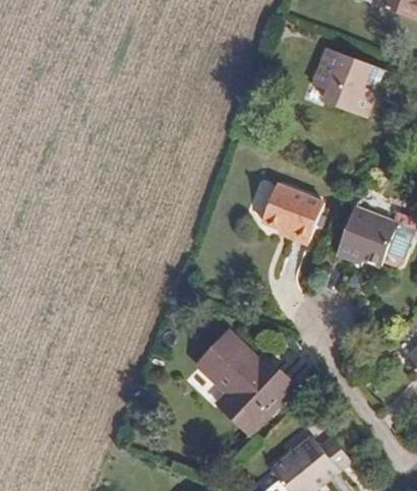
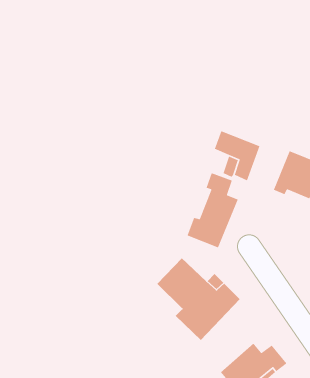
building: [311,49,375,117] -> none
building: none -> [187,172,239,249]

